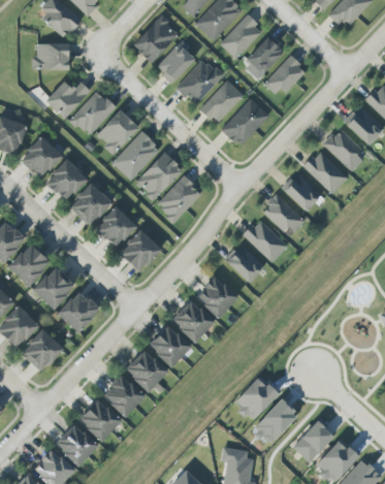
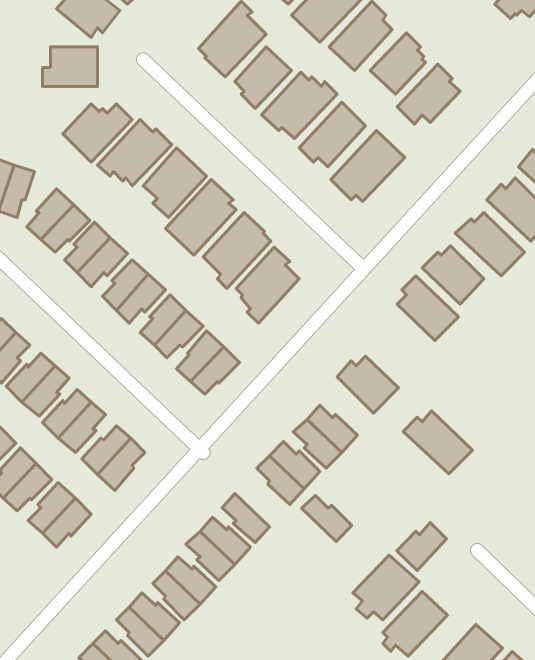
building: [243,220,288,261] -> [403,411,472,474]
building: [158,327,191,357] -> [301,496,352,541]
building: none -> [397,523,446,571]

